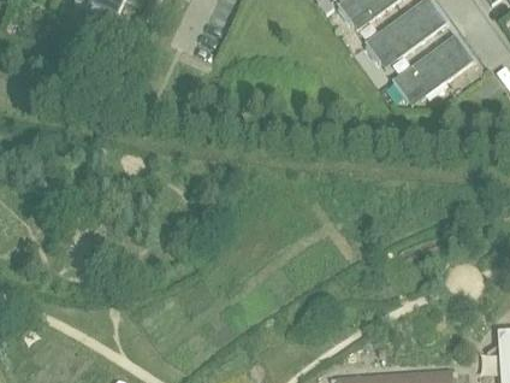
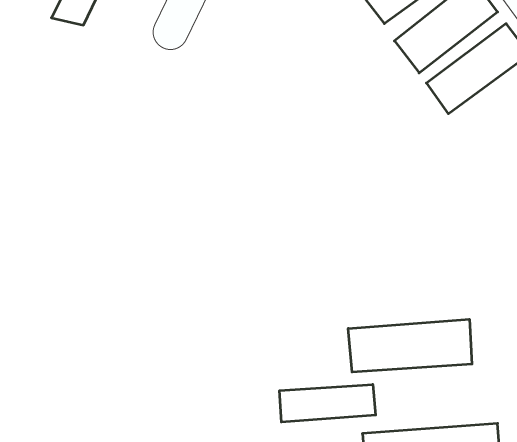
building: none -> [348,319,472,372]
building: none -> [280,384,376,422]

